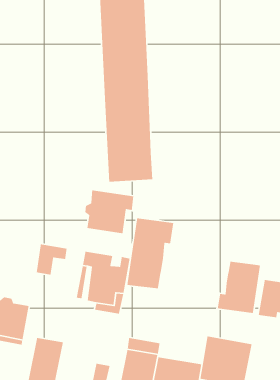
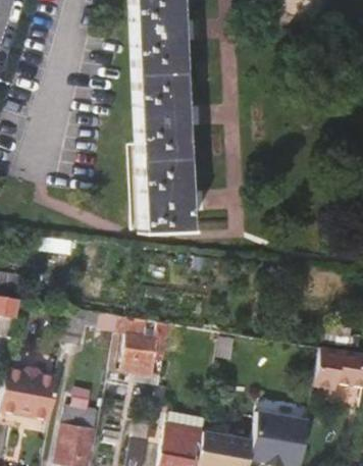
building: [85,189,134,234] -> none
building: [126,218,174,289] -> none
building: [217,261,261,314] -> none

